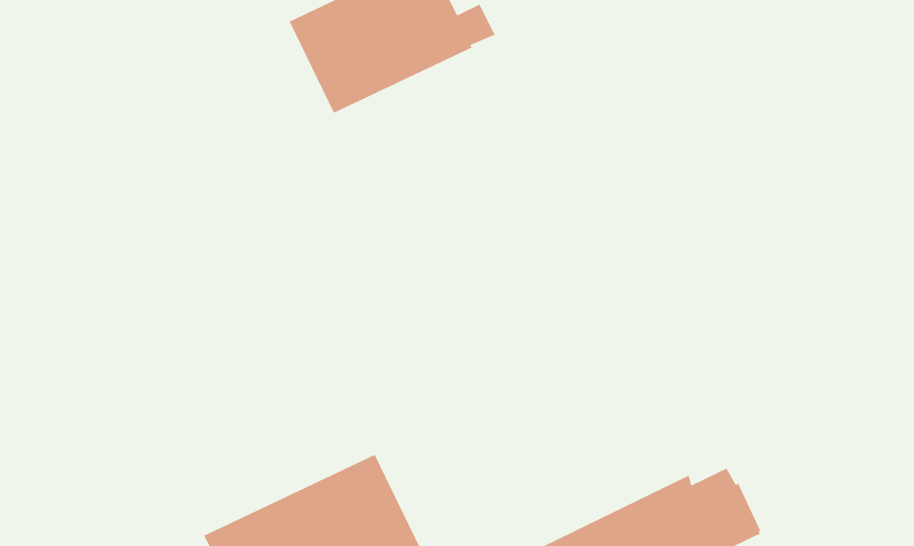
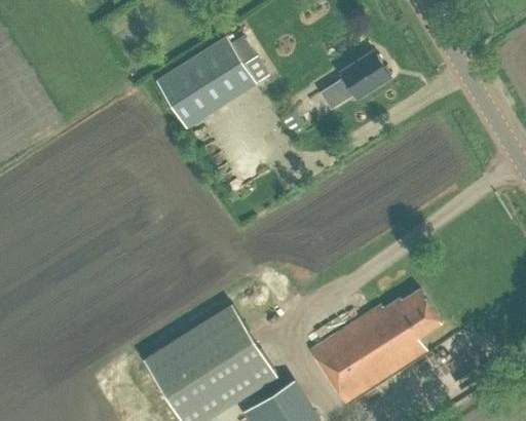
building: none -> [318,52,389,110]

